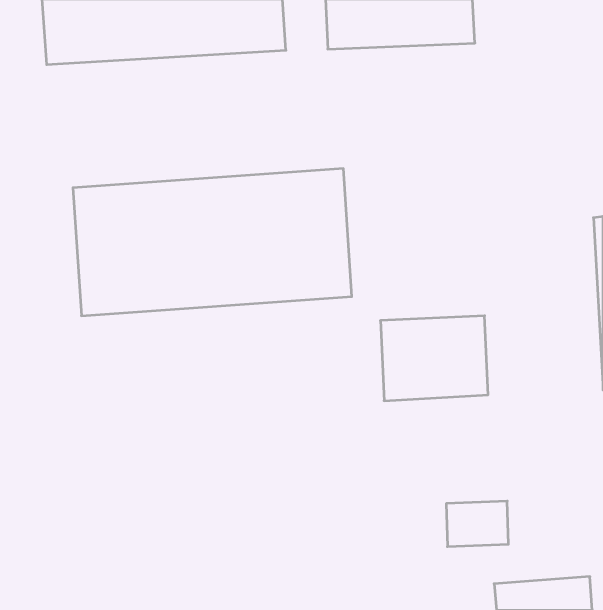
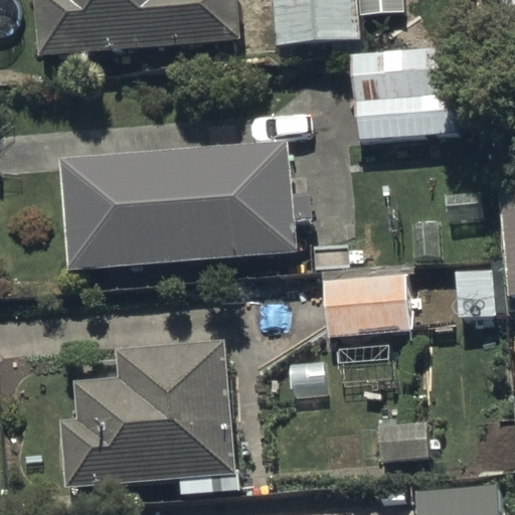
building: none -> [353,48,458,139]
building: none -> [60,340,233,494]

